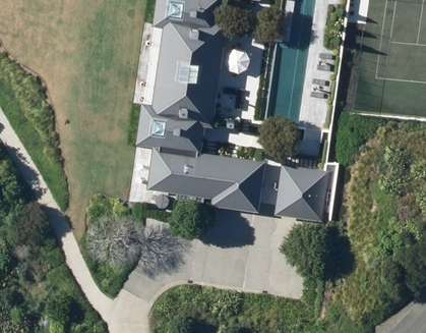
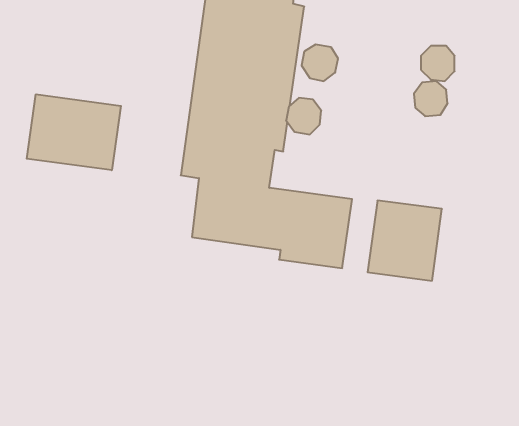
building: none -> [27,94,121,170]

